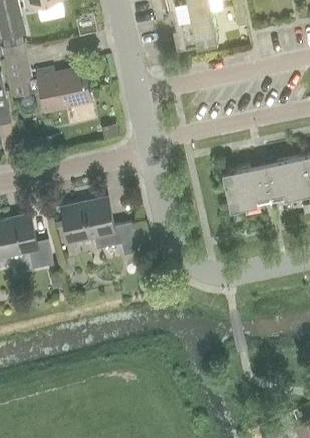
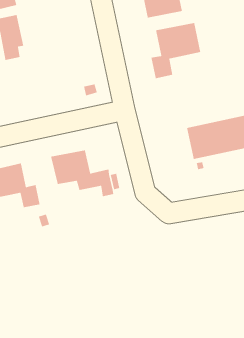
building: none -> [150,22,201,79]
building: [36,68,90,109] -> none

